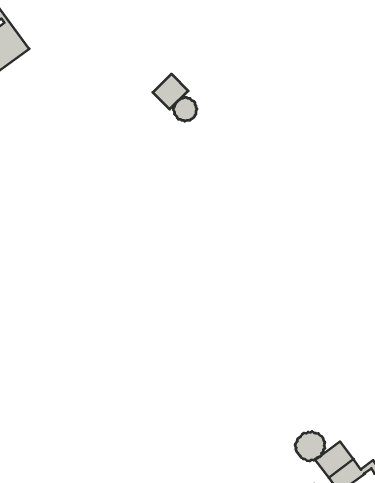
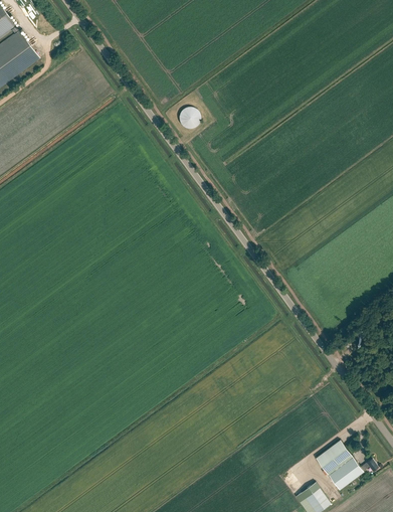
building: [153,74,188,109] -> none
building: [295,431,325,461] -> none

